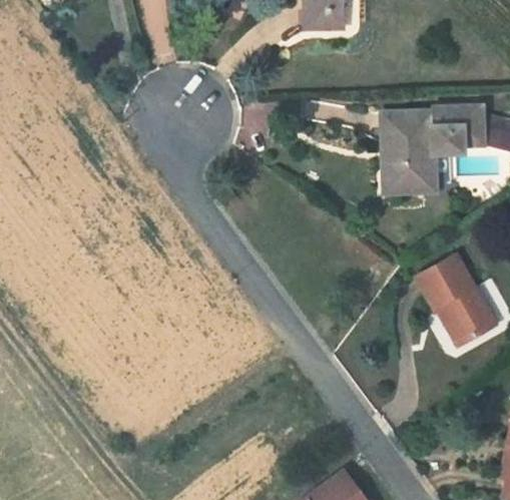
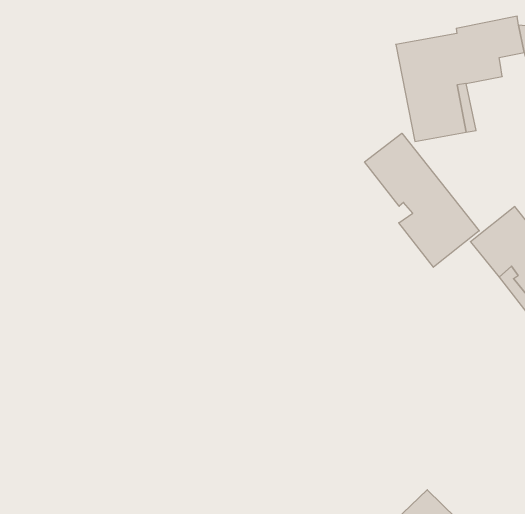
building: none -> [365,133,479,267]

